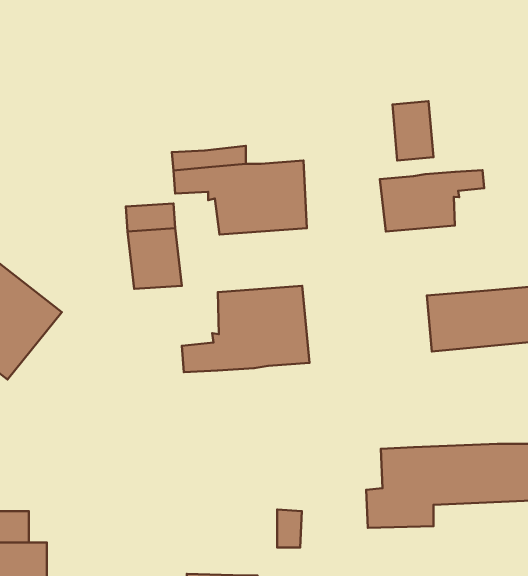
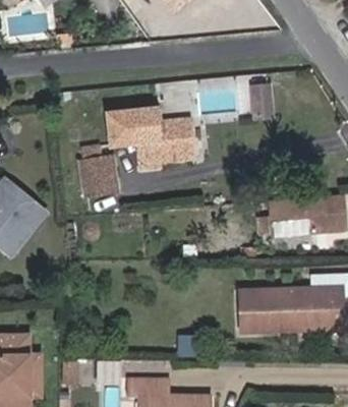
building: [380,170,484,231] -> none
building: [182,286,310,372] -> none

